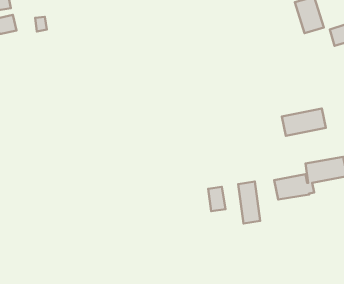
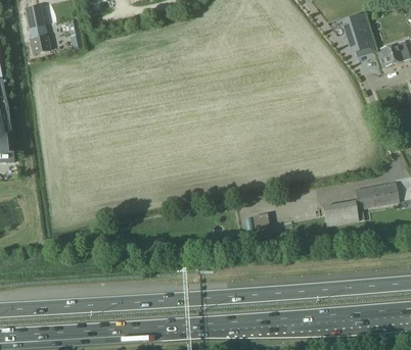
building: [282,109,326,136] -> none
building: [238,182,260,223] -> none

